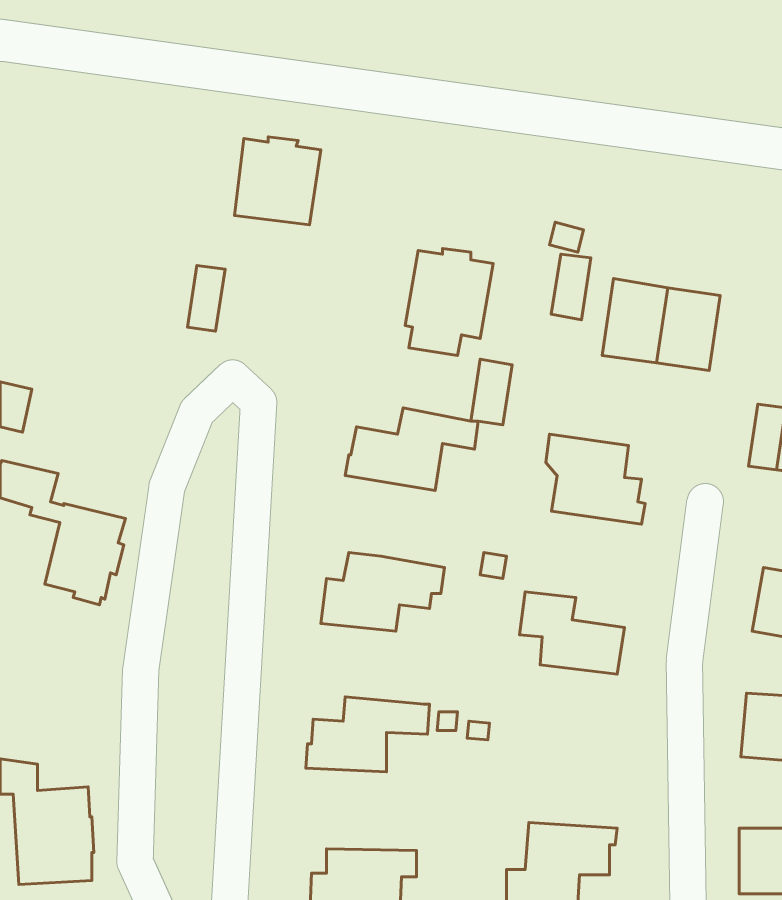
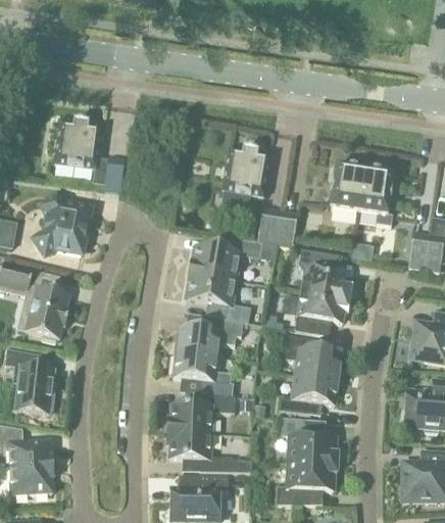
building: [234,137,321,225] -> [55,121,102,169]
building: [551,254,591,320] -> [276,211,297,247]
building: none -> [37,196,91,253]
building: none -> [187,272,251,323]
building: none -> [295,291,351,335]
building: none -> [7,349,54,414]
building: none -> [175,352,234,396]
building: none -> [279,375,338,414]
building: none -> [281,417,338,464]
building: none -> [168,431,252,472]

